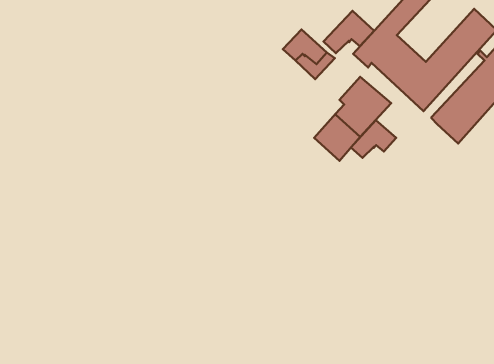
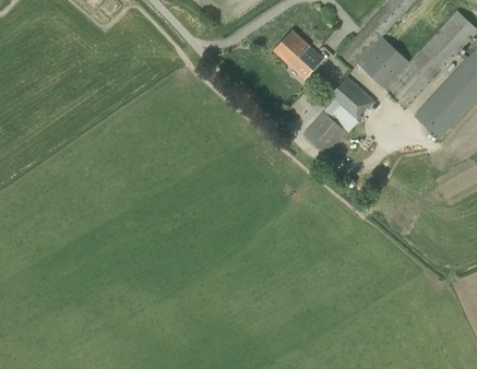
building: [324,11,374,53] -> none
building: [351,120,396,158] -> none

